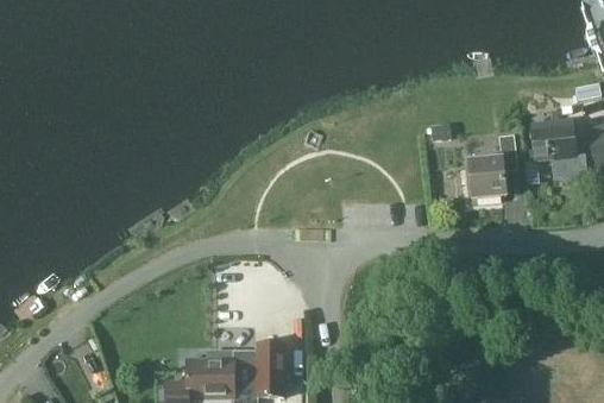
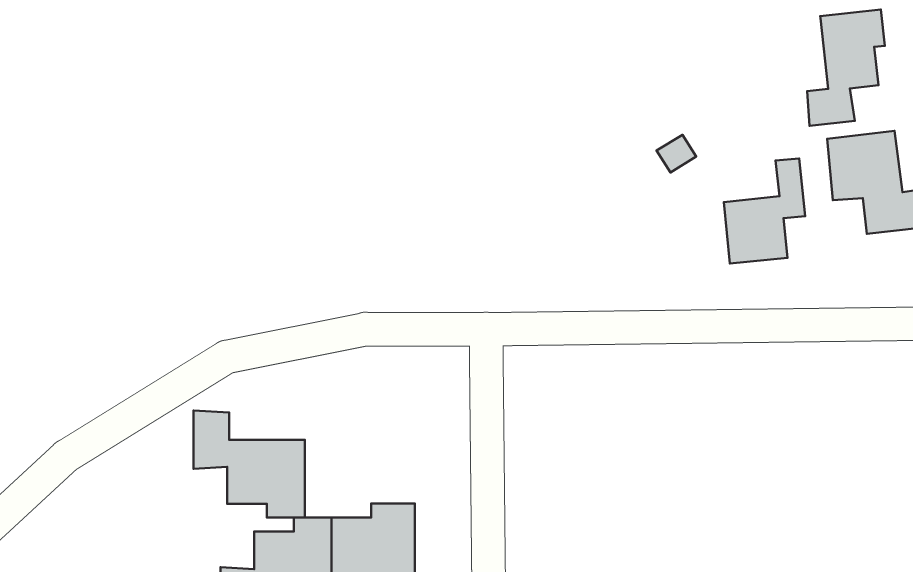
building: none -> [807,9,885,126]
building: none -> [193,411,305,517]

